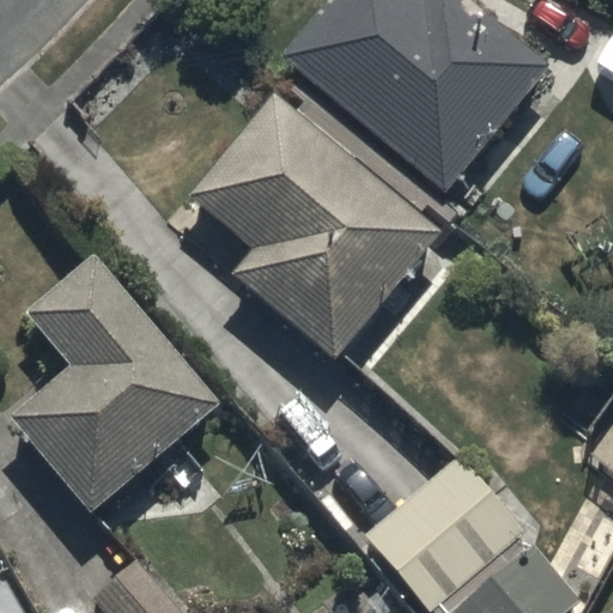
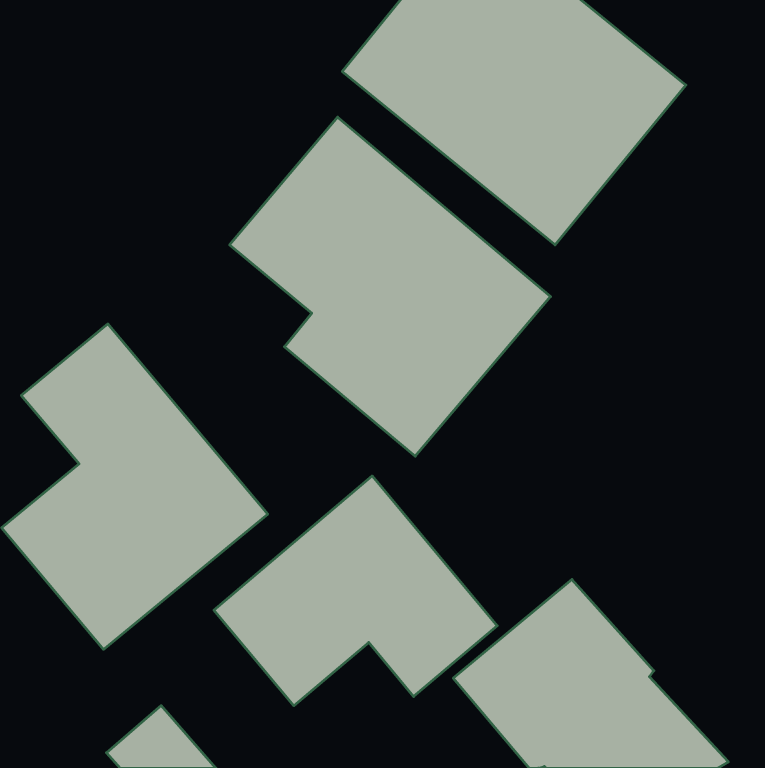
building: none -> [214,476,497,706]

